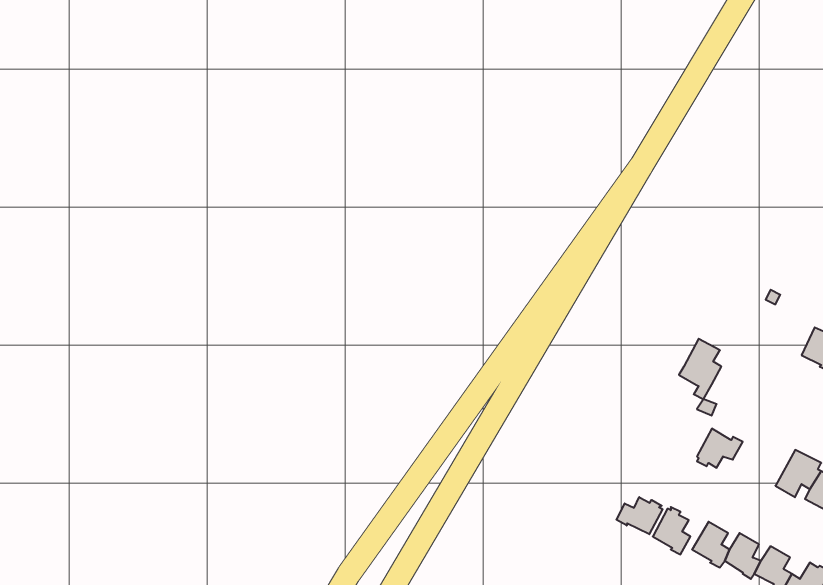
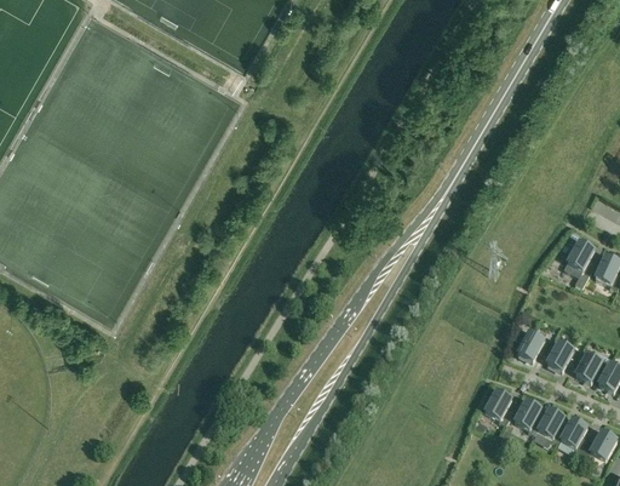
building: [679,339,721,399] -> [563,241,595,286]
building: none -> [546,342,580,371]
building: [616,497,663,534] -> none

